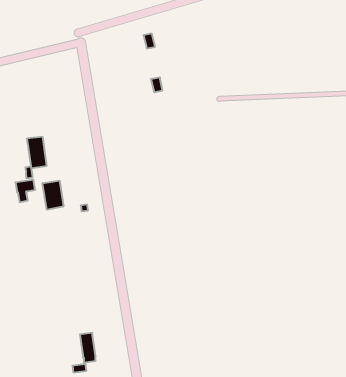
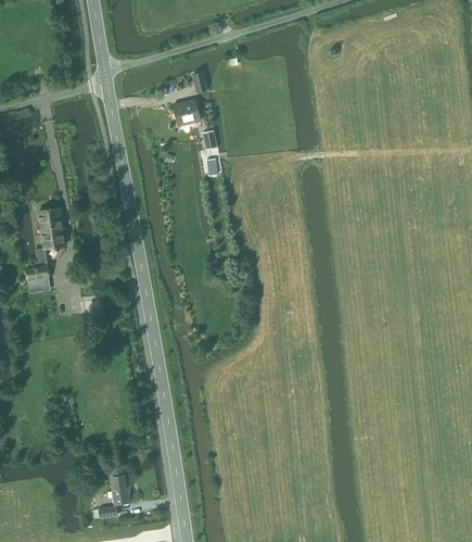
building: none -> [173,99,200,126]
building: [43,181,64,210] -> none

